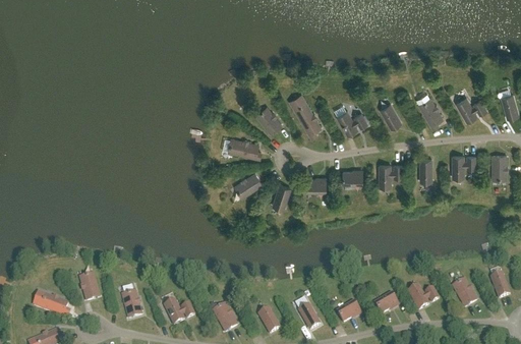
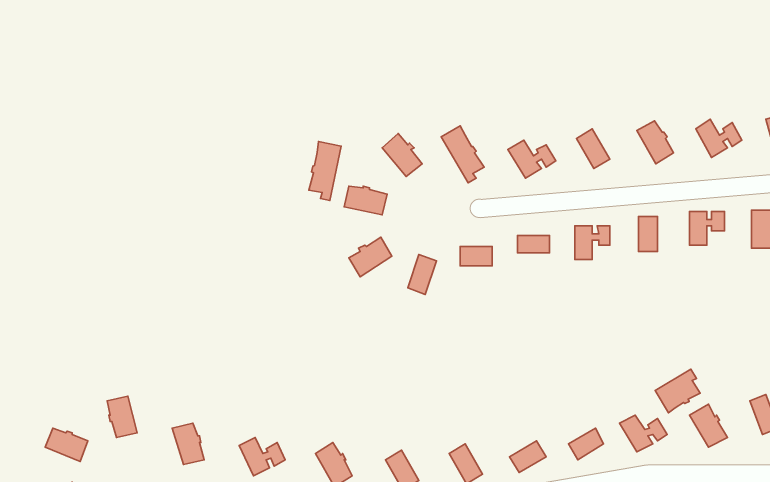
building: none -> [309,142,341,200]
building: none -> [655,369,700,413]

